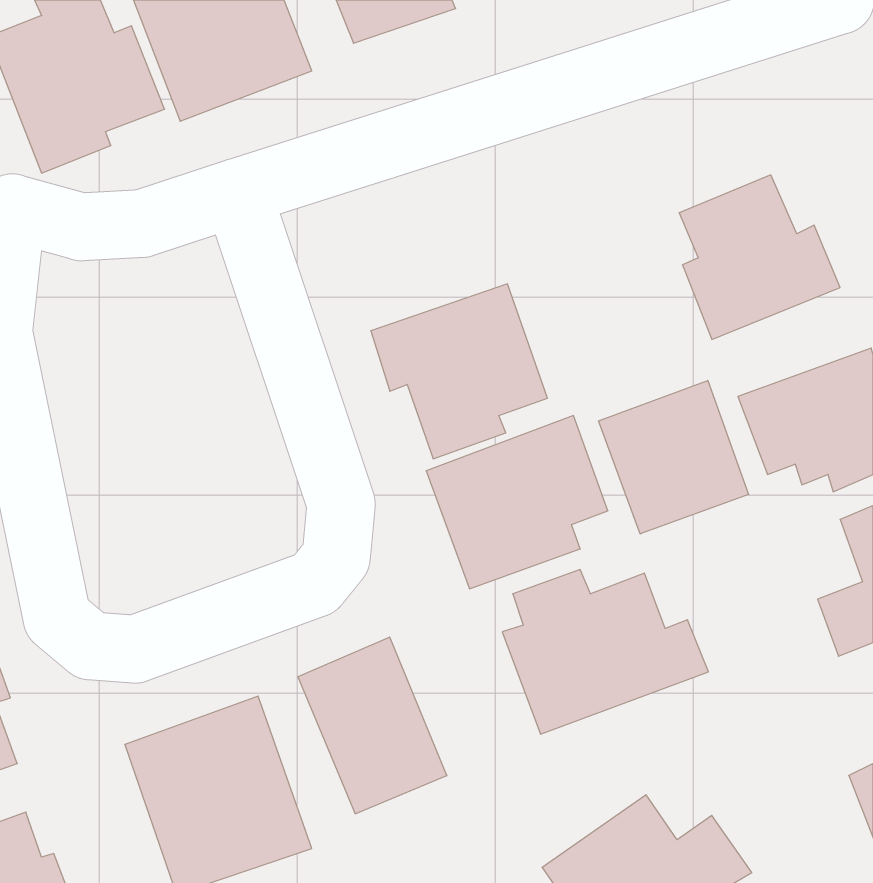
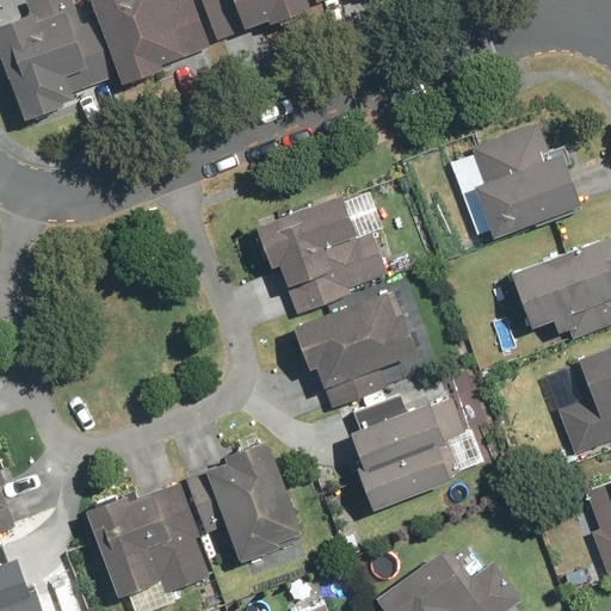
building: [599,380,748,534] -> none

